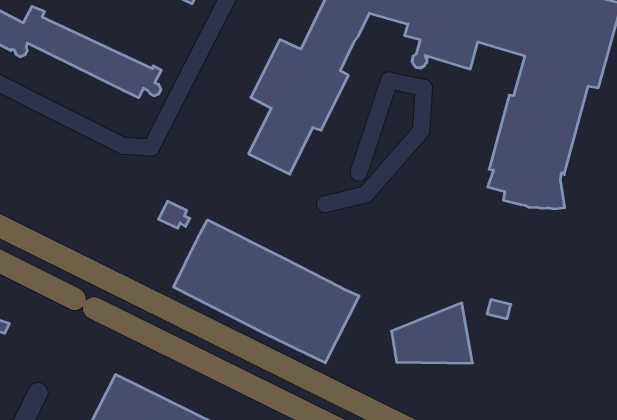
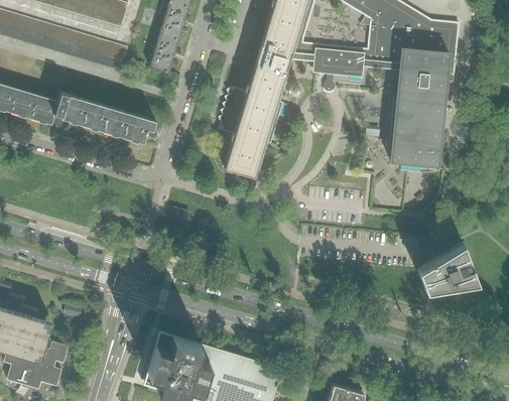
building: [174,220,359,363] -> none
building: [391,303,473,363] -> [417,243,476,290]

